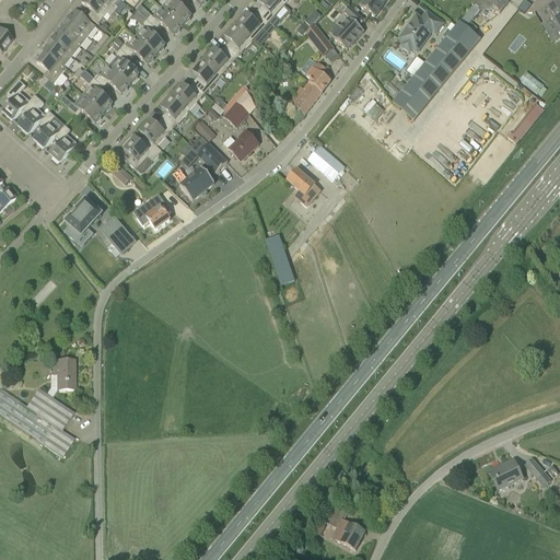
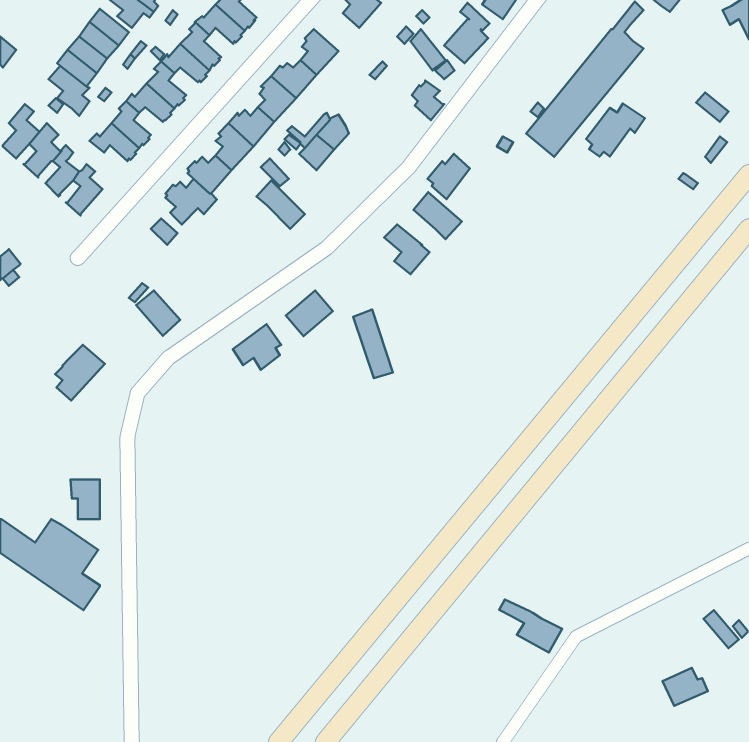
building: [399,9,443,48] -> [586,104,645,156]
building: [234,10,275,38] -> none
building: [290,79,322,113] -> [427,154,470,199]
building: [224,127,259,159] -> none
building: [179,165,214,199] -> [286,291,333,336]
building: [135,194,171,228] -> [233,324,281,370]
building: [65,197,102,238] -> [55,345,105,401]
building: [489,458,523,487] -> [662,668,708,706]
building: [318,508,365,547] -> [499,600,562,652]

